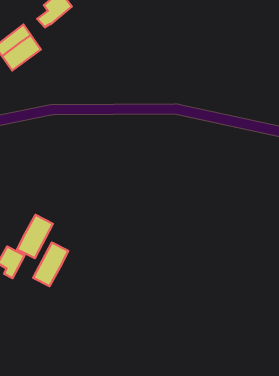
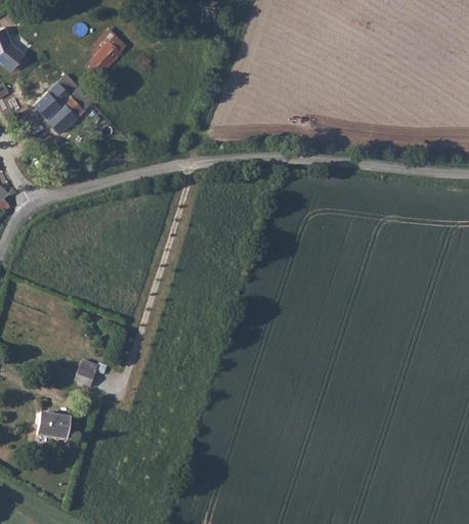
building: [17,215,53,258] -> none
building: [33,242,68,286] -> none

